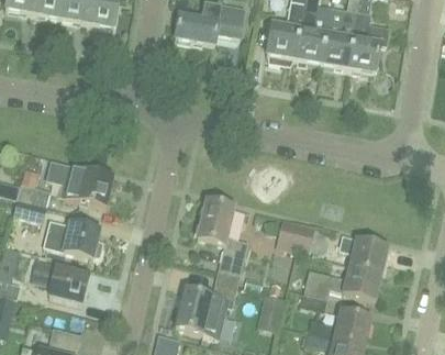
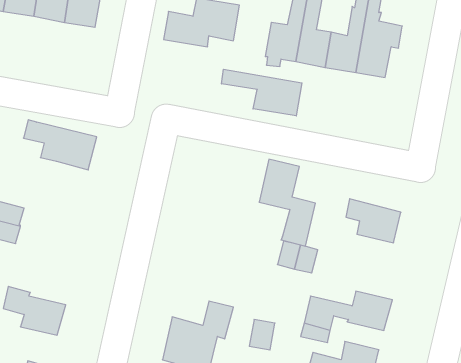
building: none -> [222,69,302,116]
building: [46,162,112,207] -> [23,120,97,170]
building: [197,200,247,278] -> [259,159,315,246]
building: [43,219,99,258] -> none
building: [338,232,388,271] -> [346,199,401,243]

